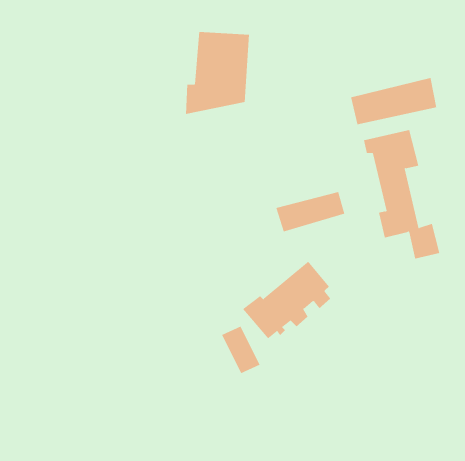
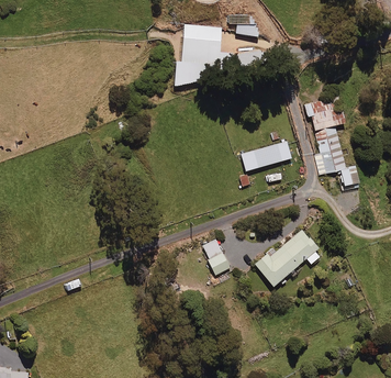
building: [351,77,437,125] -> none
building: [242,261,331,339] -> [255,229,320,286]

